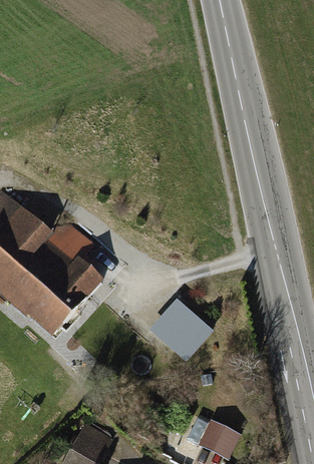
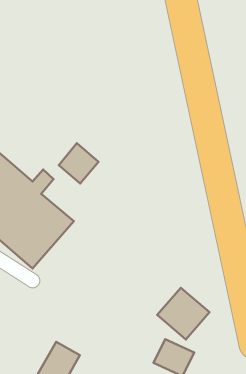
building: none -> [59,143,98,184]
building: [152,298,213,357] -> [157,288,210,339]

